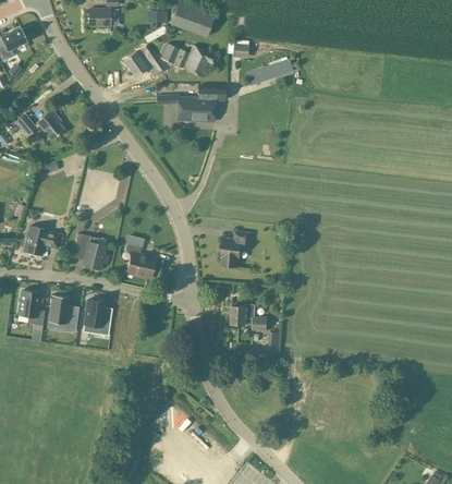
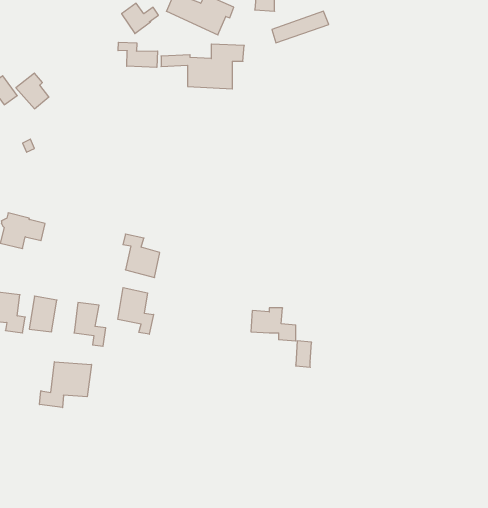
building: none -> [118,42,157,67]
building: [218,232,246,267] -> none
building: [72,233,106,269] -> none
building: none -> [118,288,154,334]
building: none -> [40,362,91,408]

